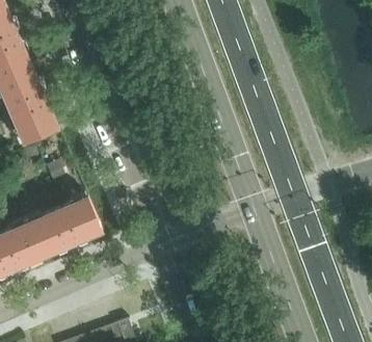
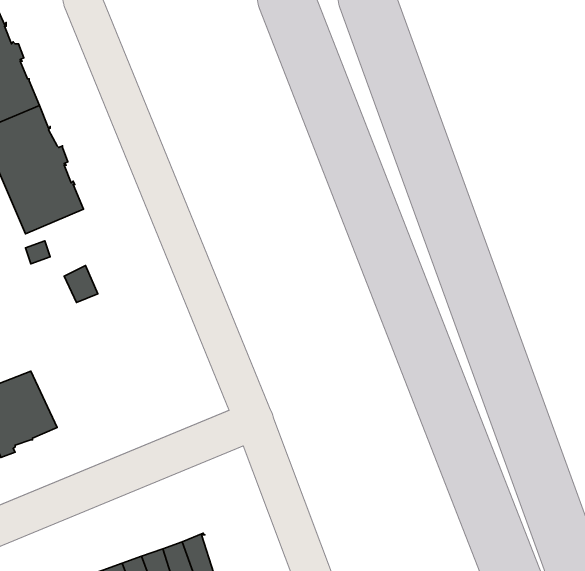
building: [27,196,102,256] -> none

